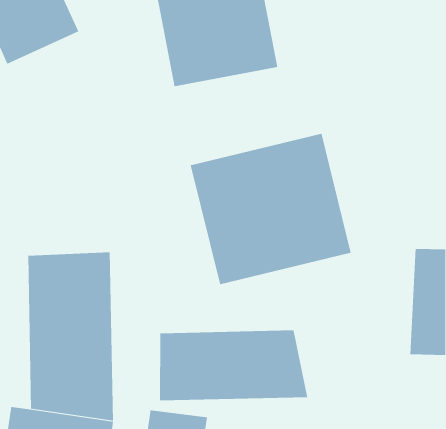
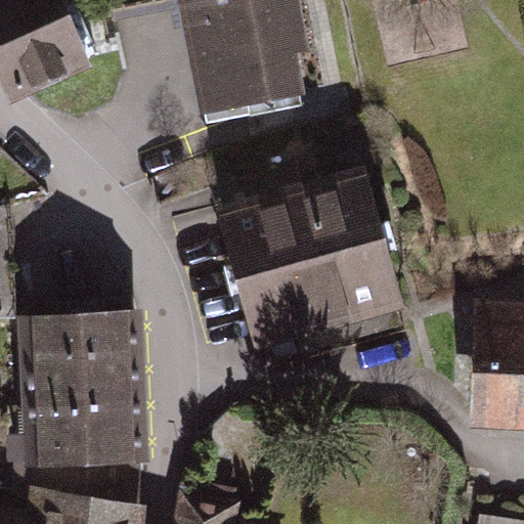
building: [160,329,308,401] -> none

